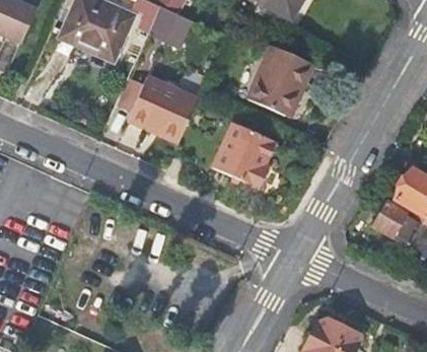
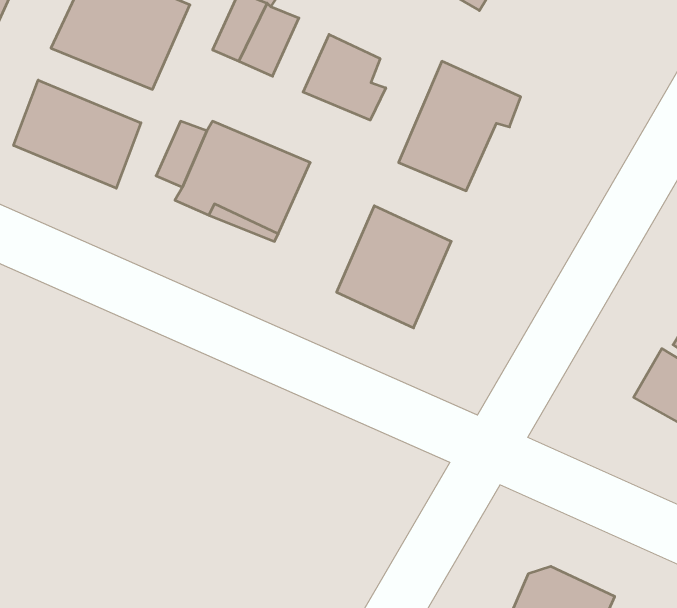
building: none -> [303,34,386,120]
building: none -> [14,80,141,188]

